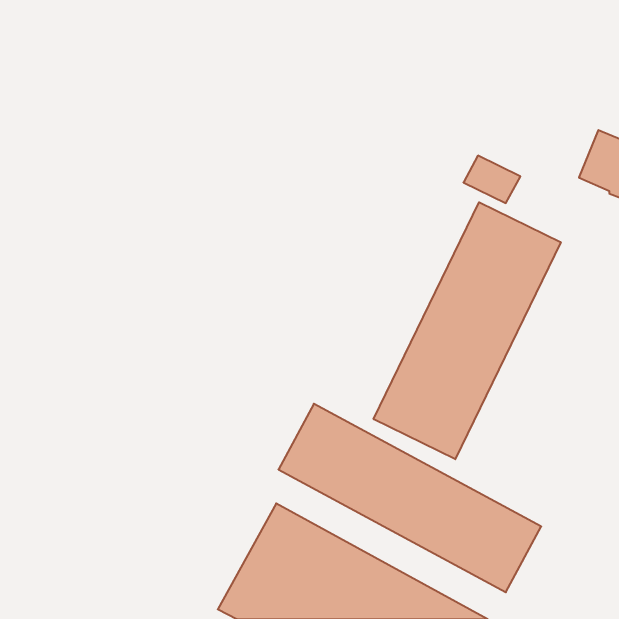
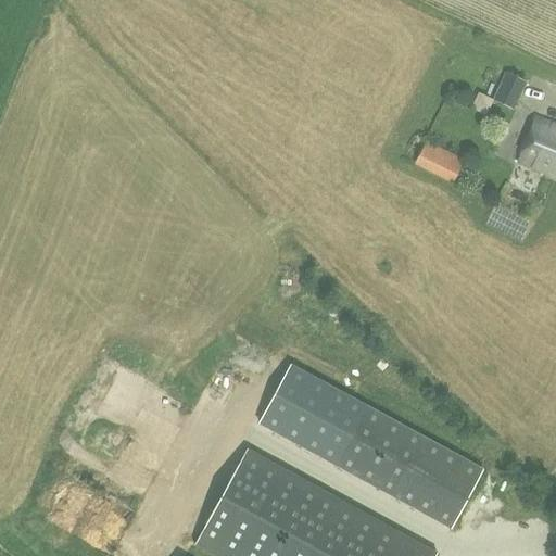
building: none -> [494,70,529,108]
building: [374,202,561,459] -> none

